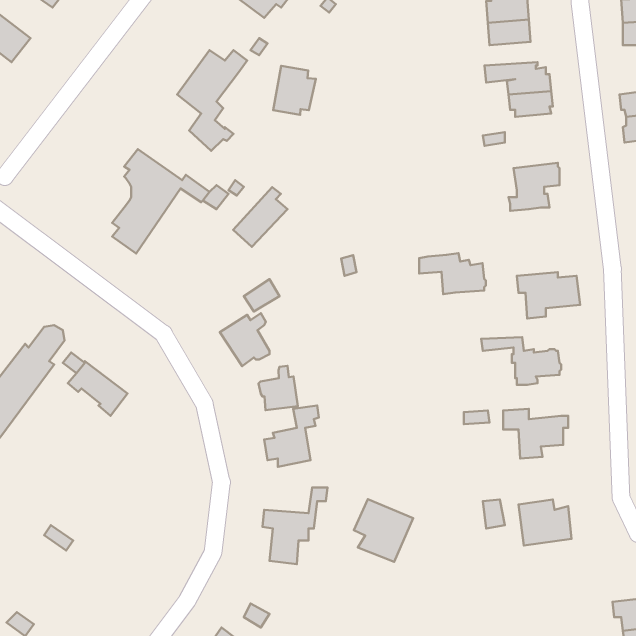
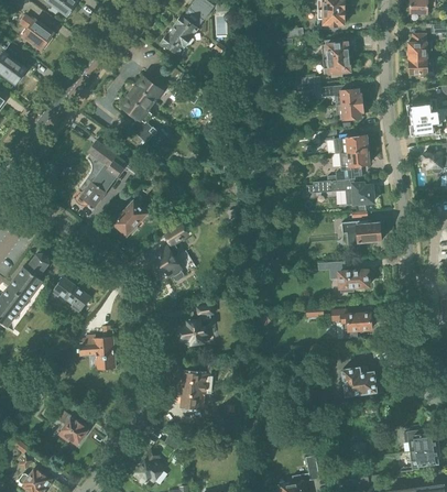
building: [273,66,316,115] -> none
building: none -> [334,134,369,154]
building: [233,187,288,247] -> [115,196,150,234]
building: [419,253,486,294] -> [331,178,374,205]
building: [258,366,298,410] -> none
building: none -> [75,326,115,371]
building: [354,499,413,562] -> none
building: none -> [57,412,88,445]

